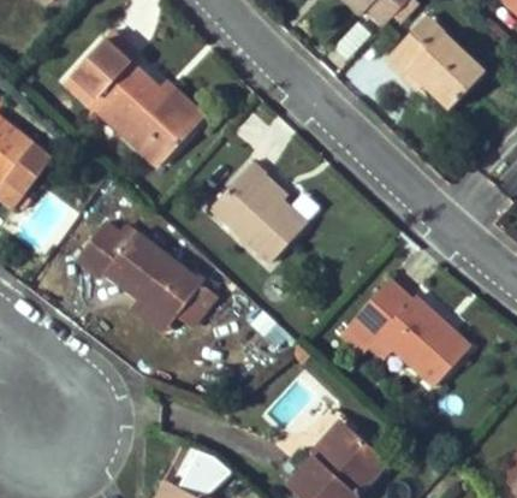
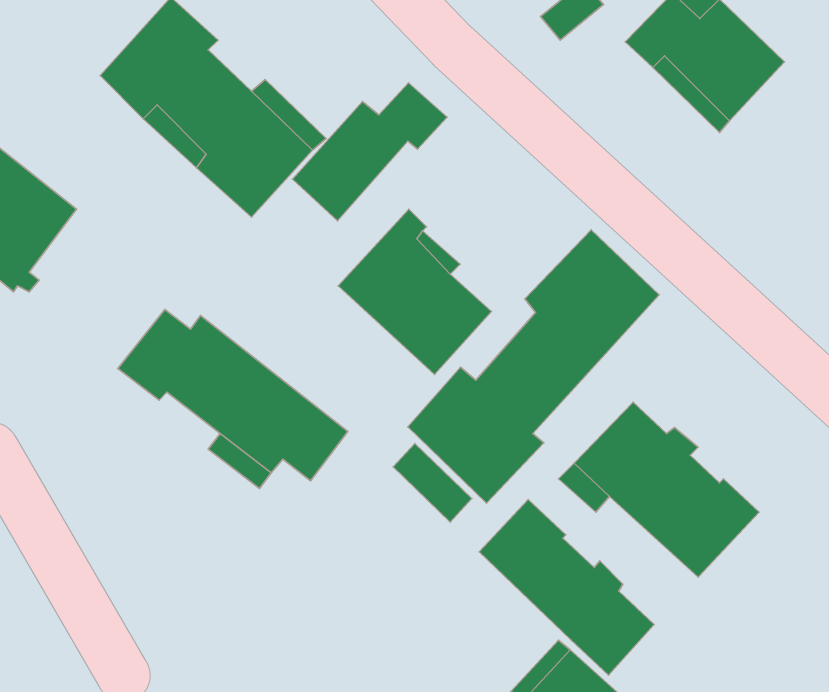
building: none -> [292,83,447,221]
building: none -> [408,230,659,503]
building: none -> [479,499,654,675]

